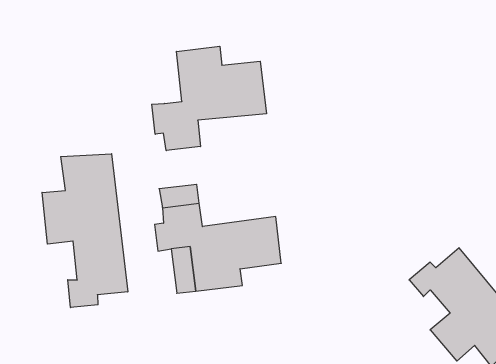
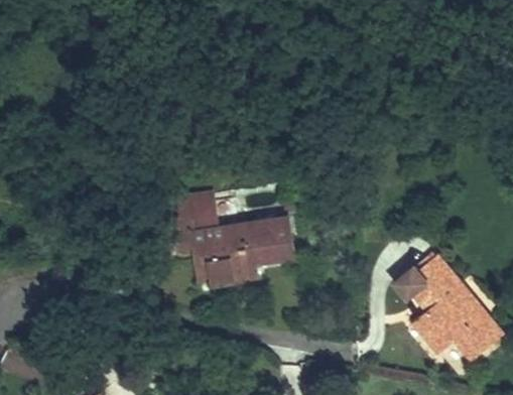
building: [152,46,266,151] -> none
building: [42,154,128,308] -> none

